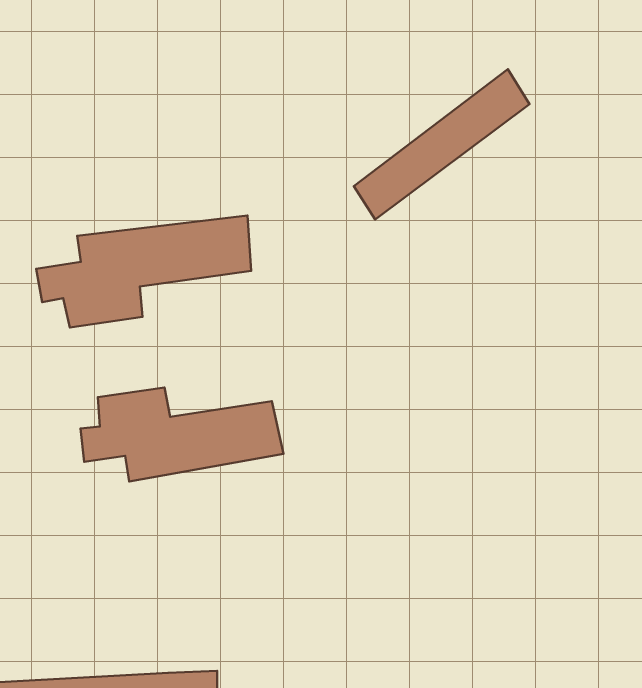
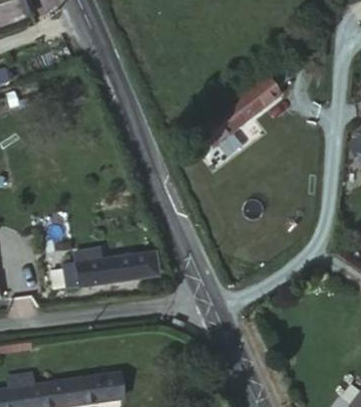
building: [36,216,251,327] -> none

